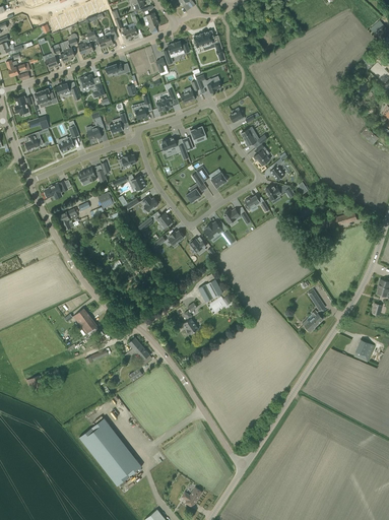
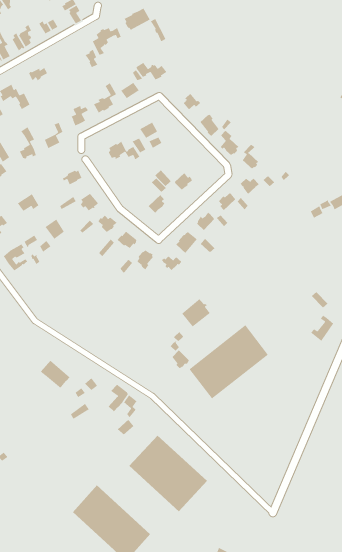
building: none -> [189,324,269,400]
building: none -> [128,435,208,512]

